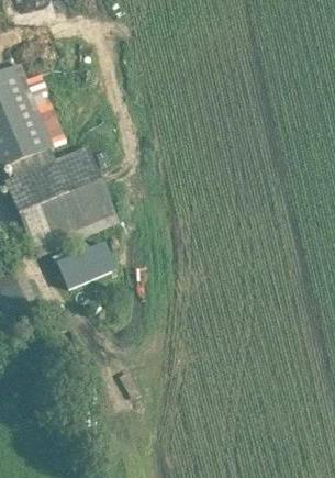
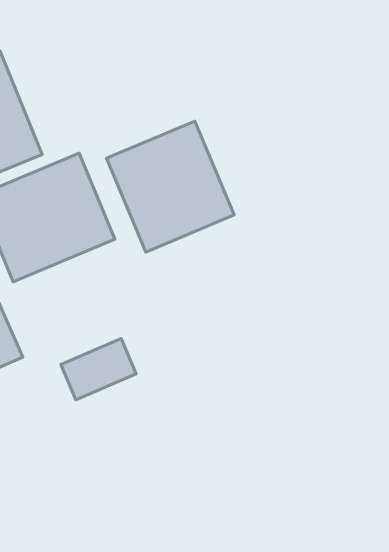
building: none -> [106,121,234,252]
building: [55,242,115,291] -> [61,338,136,400]

